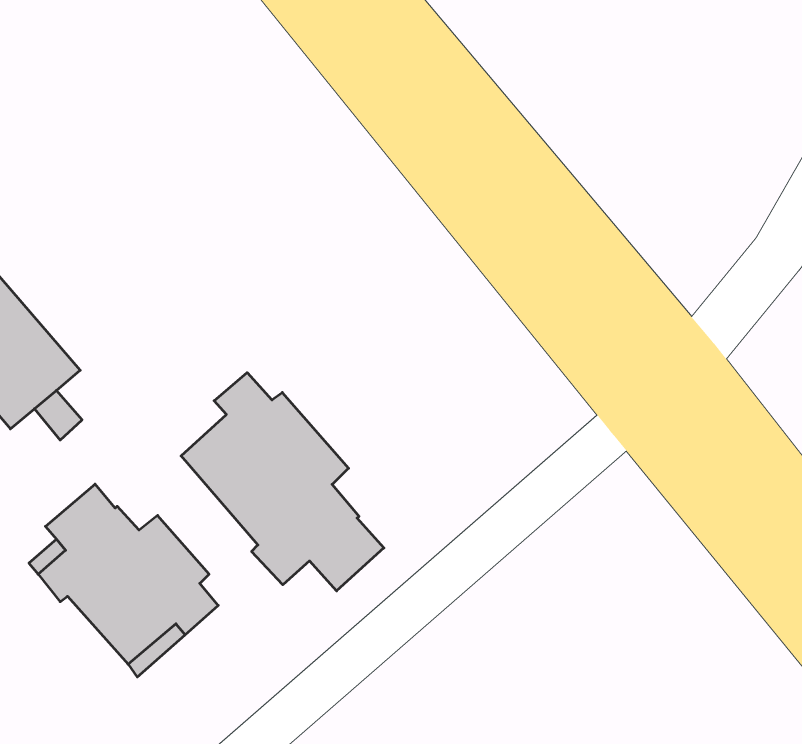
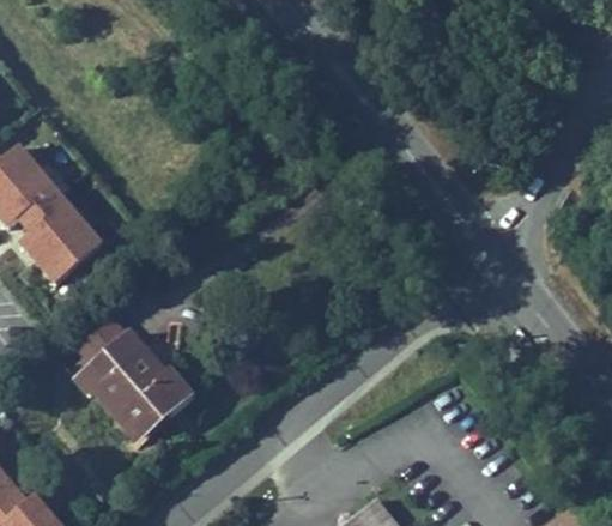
building: [181,373,384,591] -> none

